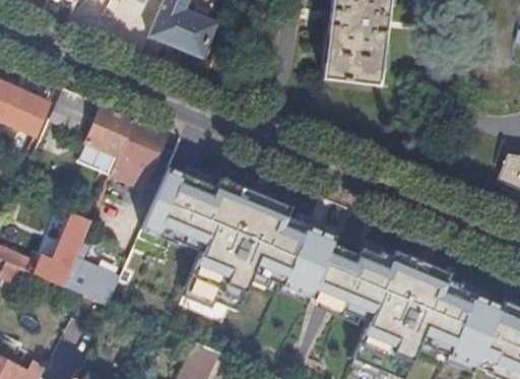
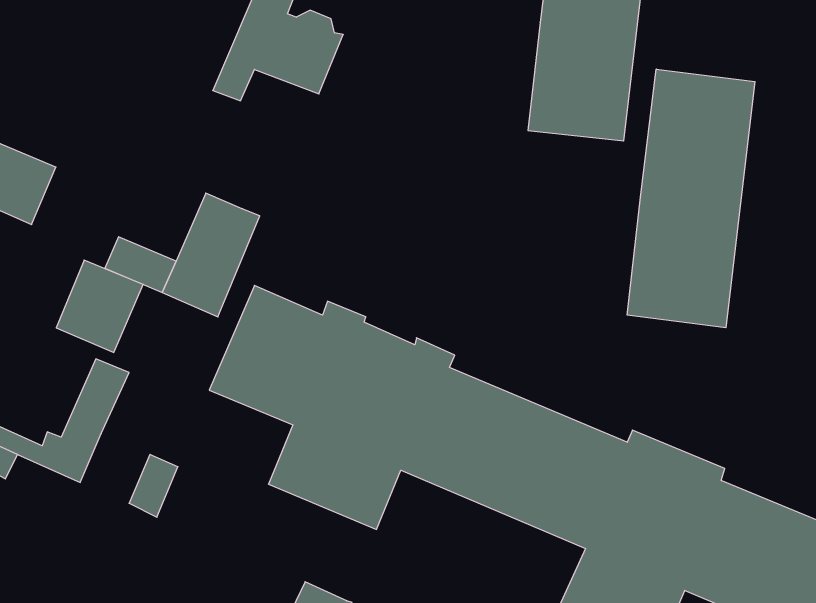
building: none -> [627,69,755,328]
building: [52,86,89,130] -> none
building: [85,101,136,154] -> [56,260,143,352]
building: [63,255,104,296] -> none

